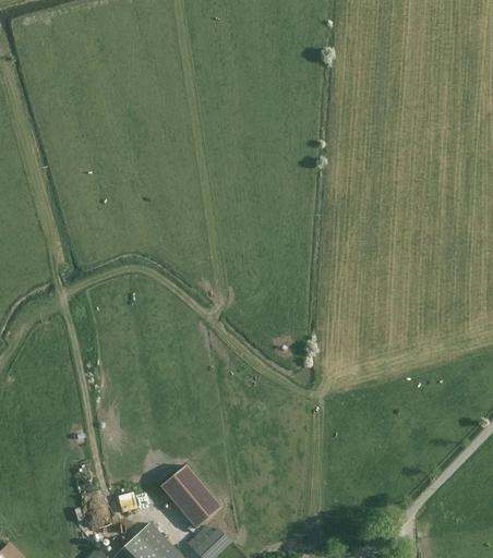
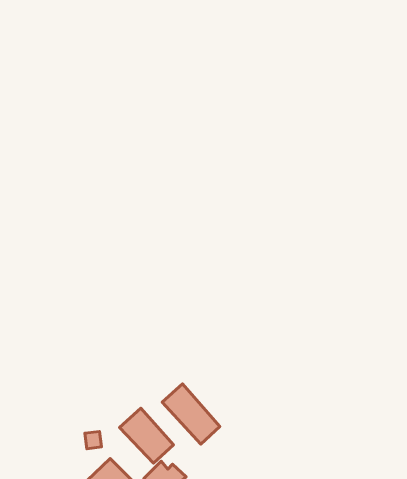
building: none -> [162,384,220,444]

